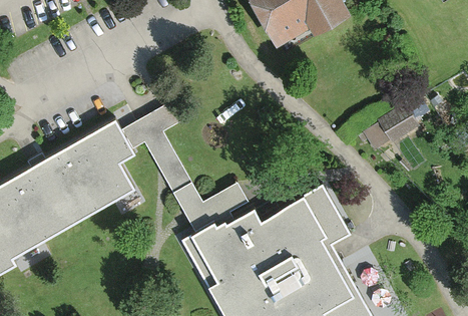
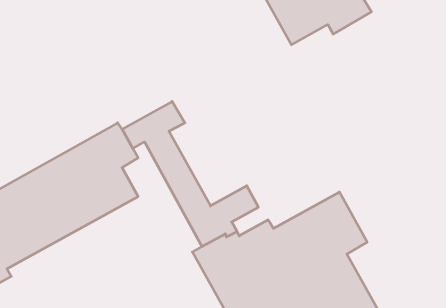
building: [377,100,417,142] -> none

